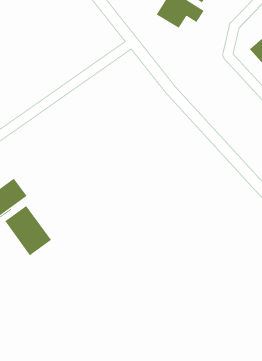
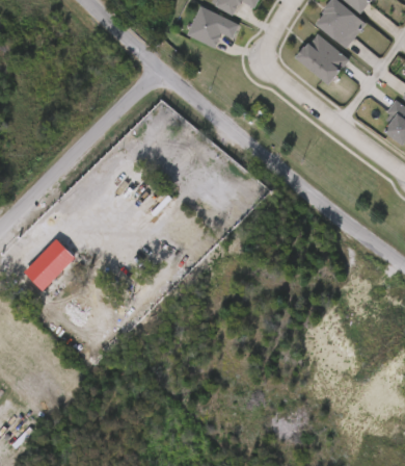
building: [4,205,52,256] -> none

